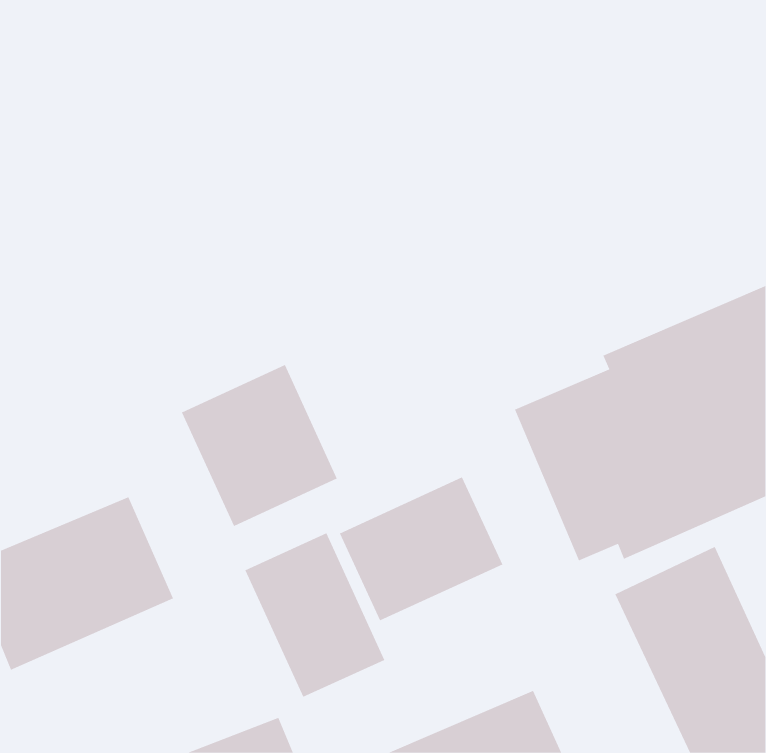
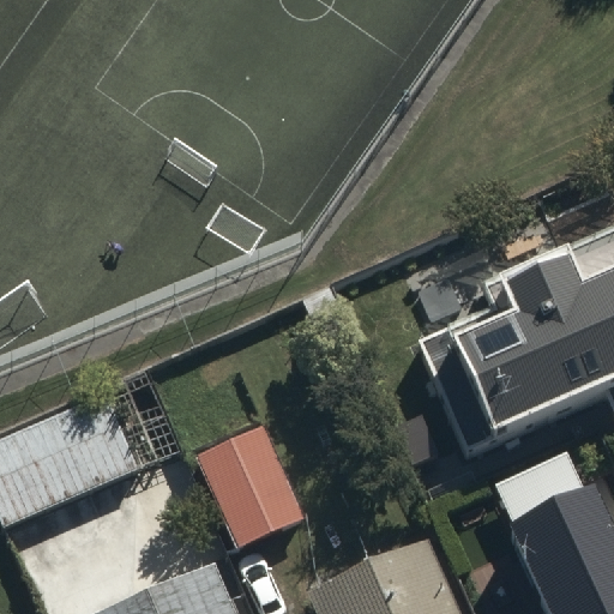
building: [181,364,338,527] -> none
building: [339,477,503,621] -> none

